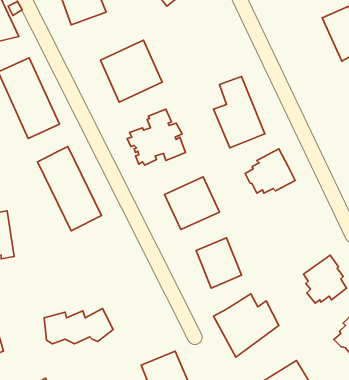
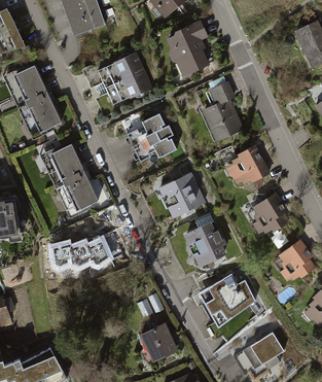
building: none -> [160,22,206,79]
building: none -> [250,194,293,235]
building: [44,309,113,344] -> [51,238,112,269]

